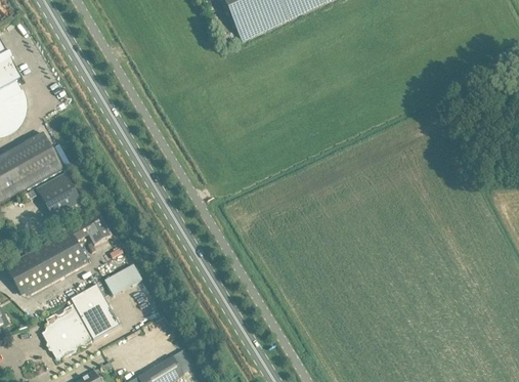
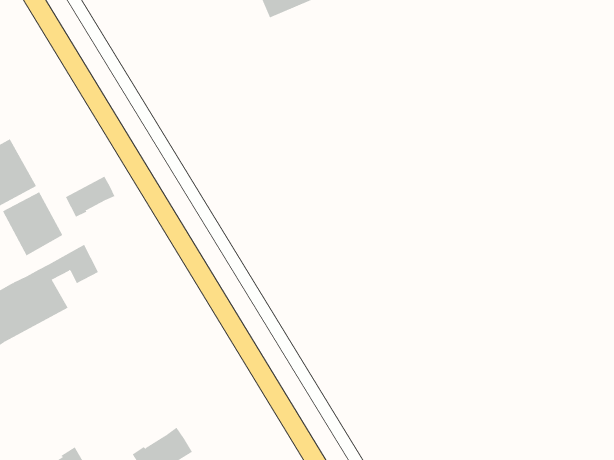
building: none -> [65,176,115,218]
building: [103,264,141,296] -> none
building: [41,284,120,359] -> none

